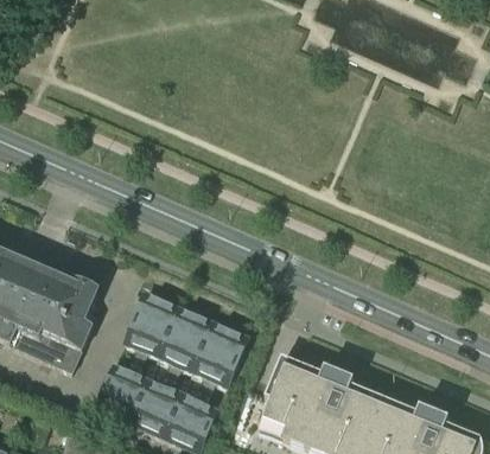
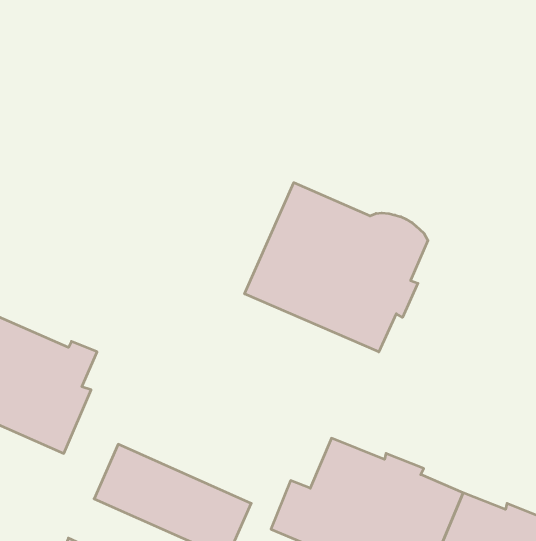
building: none -> [245,183,428,352]
building: [125,292,250,386] -> none

